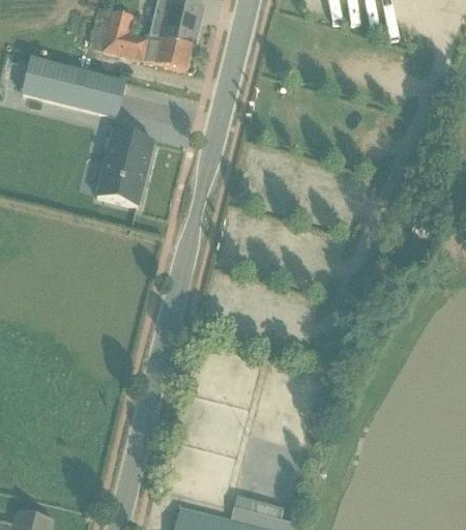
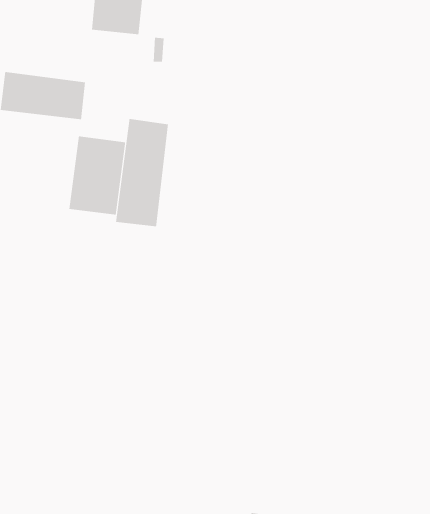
building: [88,9,191,72] -> none
building: none -> [116,118,169,227]

